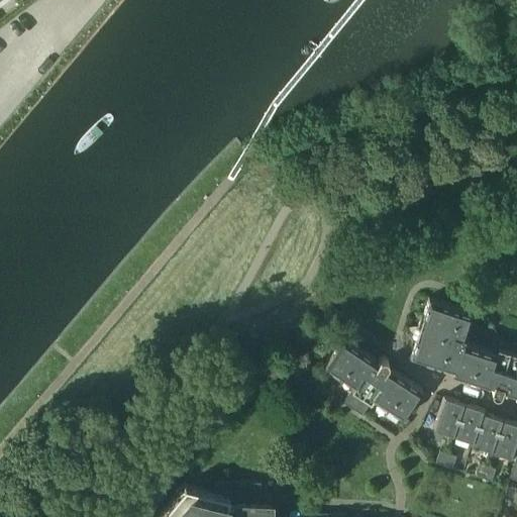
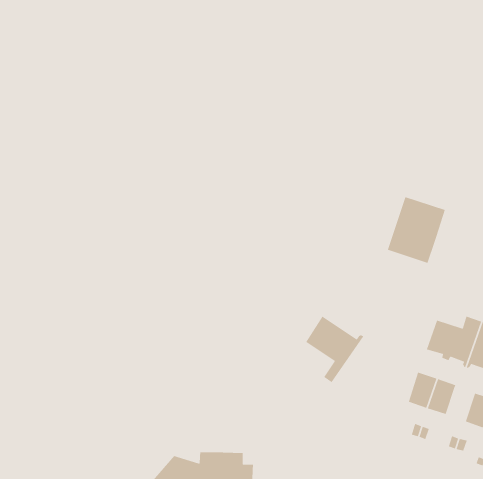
building: [413,303,476,379] -> [387,196,446,267]
building: [355,365,425,423] -> none
building: [477,418,507,455] -> none

